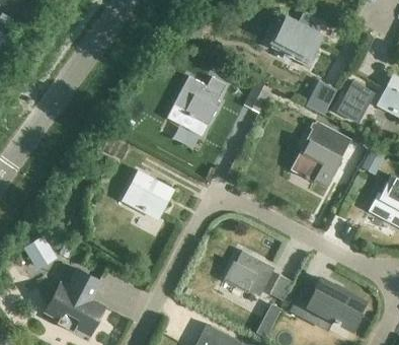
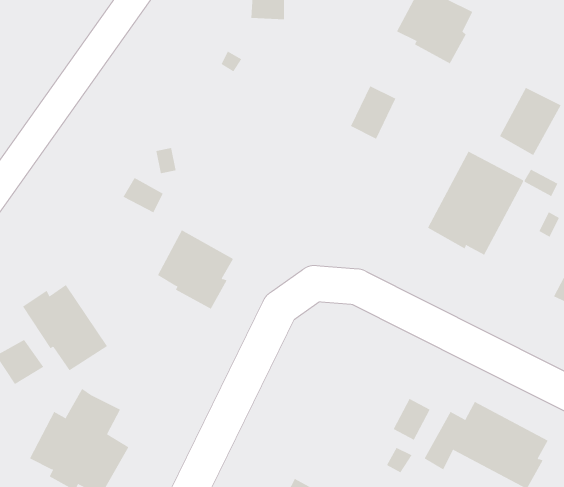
building: [173,75,226,135] -> none
building: [305,80,336,115] -> none
building: none -> [22,284,108,371]
building: [223,251,274,296] -> none

